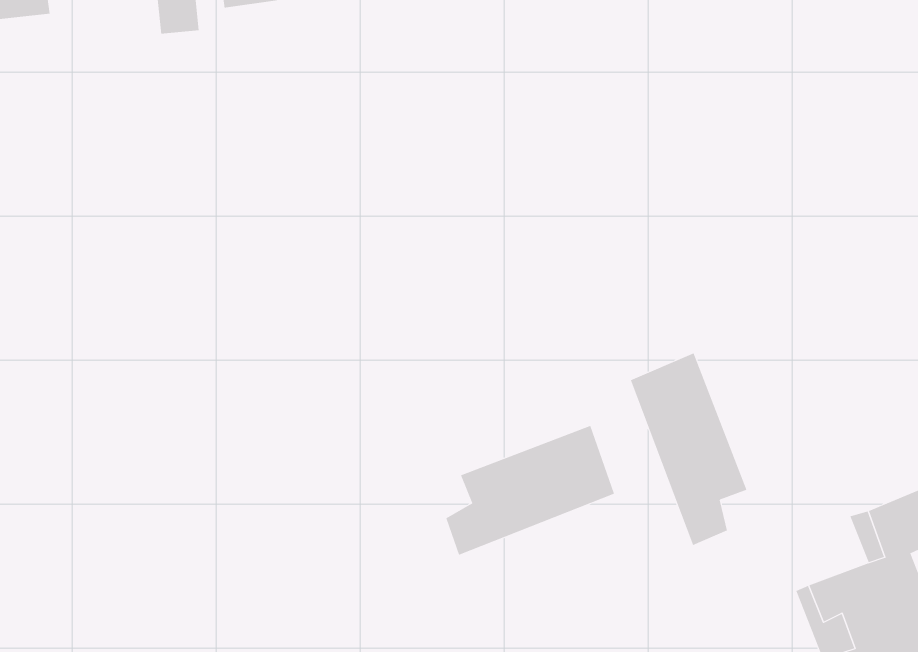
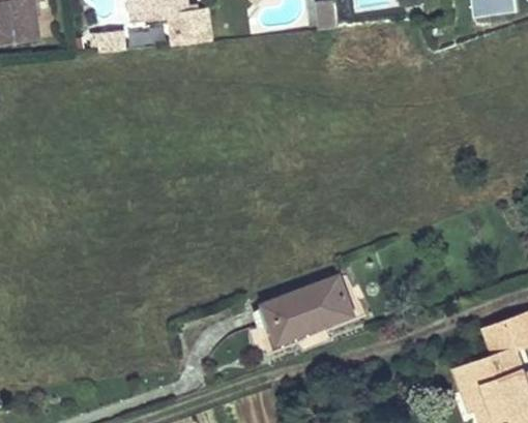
building: [630,353,747,546] -> none

